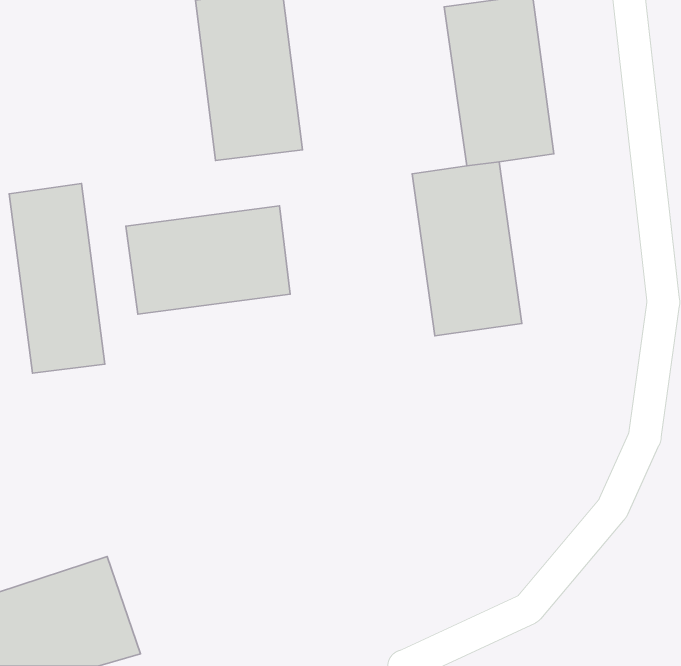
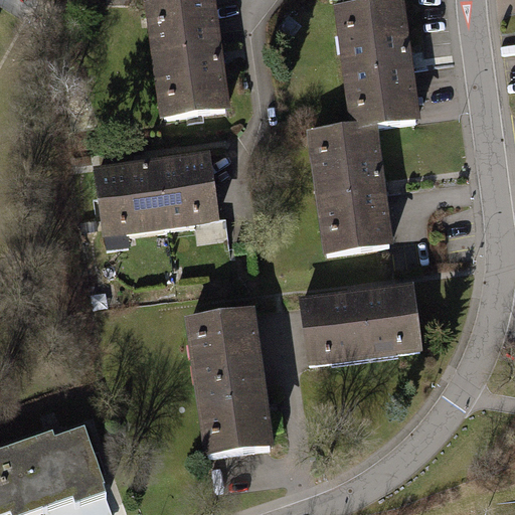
building: [9,183,105,373] -> none
building: none -> [301,287,421,365]
building: none -> [188,309,272,459]

